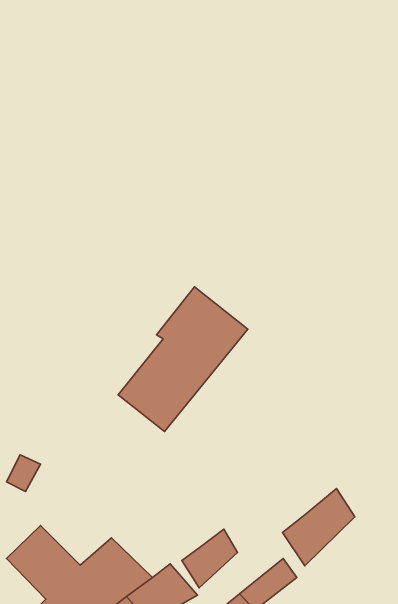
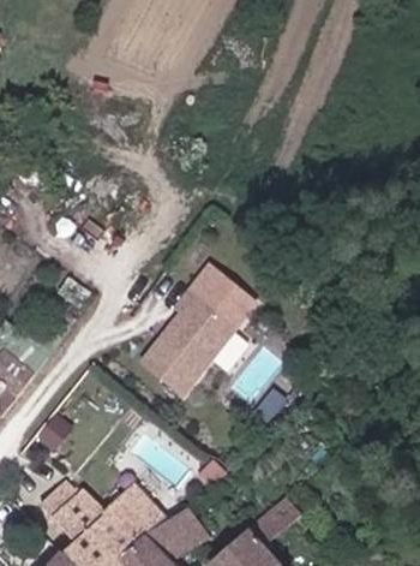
building: [283,489,355,566] -> none
building: [182,529,238,588] -> none

